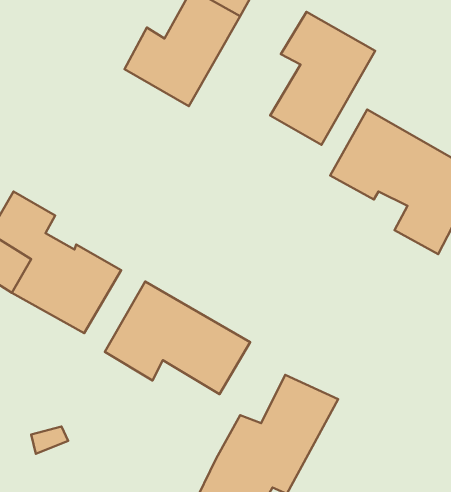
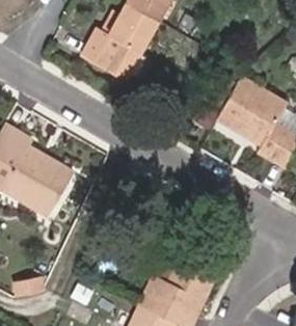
building: [270,12,375,145] -> none
building: [105,282,250,394] -> none

